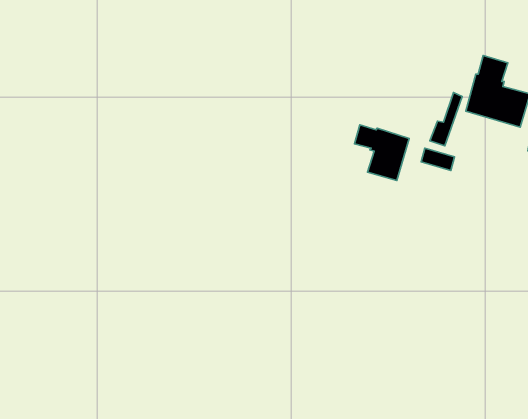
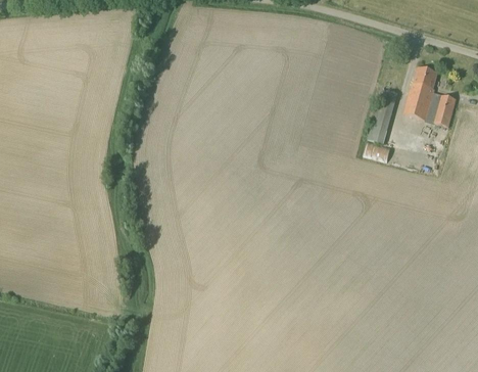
building: [354,125,409,181] -> none

